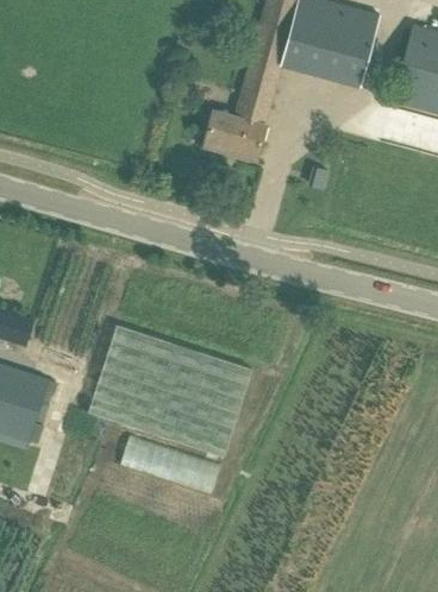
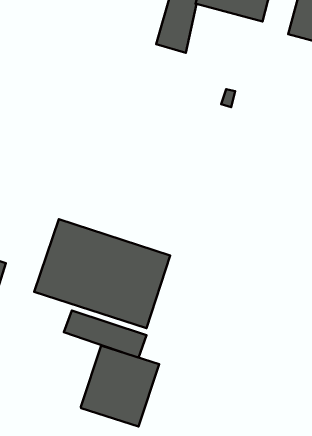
building: [202,109,268,163] -> none
building: none -> [81,345,159,426]

